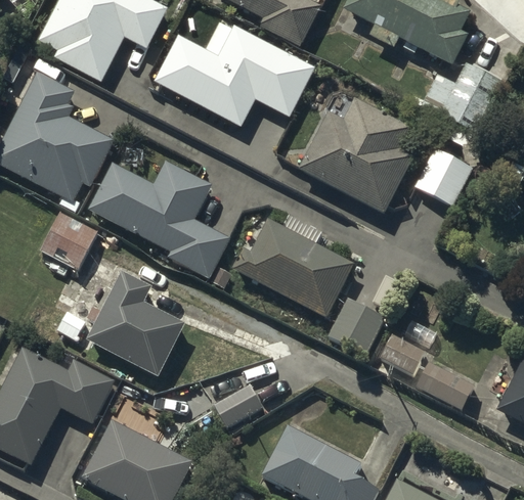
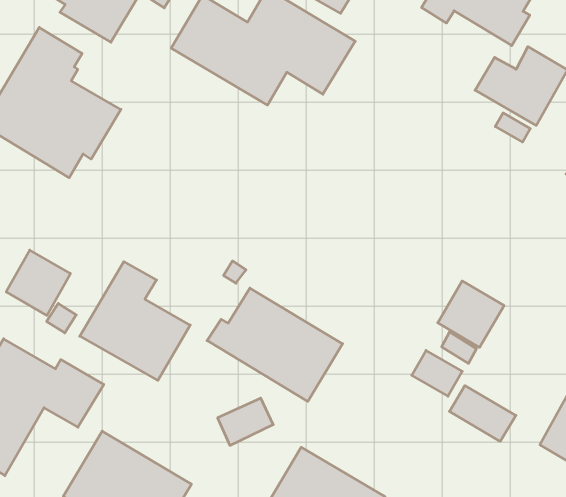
building: [299,97,413,212] -> none
building: [414,148,471,204] -> none
building: [86,156,228,275] -> none
building: [41,211,96,267] -> [6,250,70,315]
building: [234,220,353,316] -> [207,288,343,401]
building: [328,297,385,354] -> [438,281,504,347]

